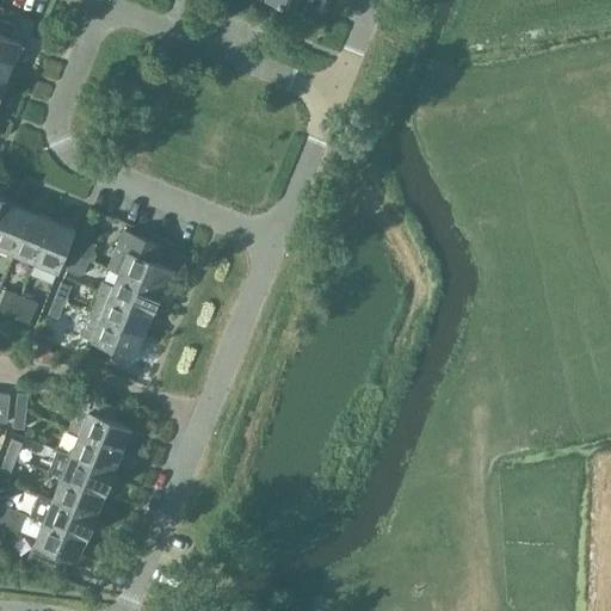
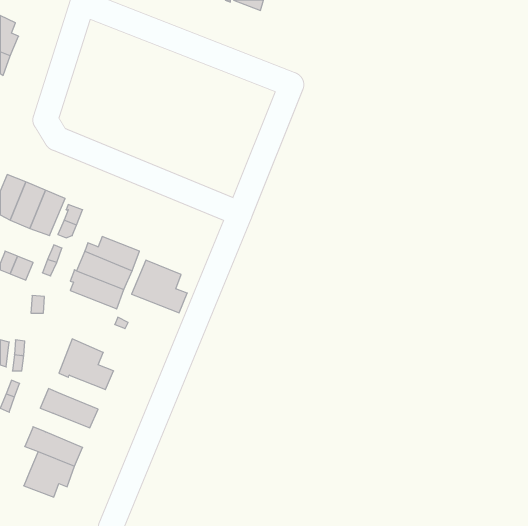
building: [106,232,171,292] -> [132,260,187,313]
building: [70,436,122,475] -> none
building: [53,480,104,519] -> none

